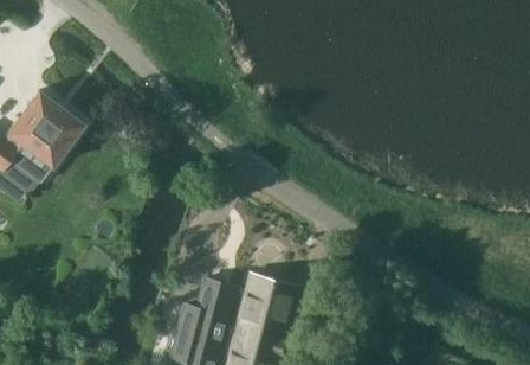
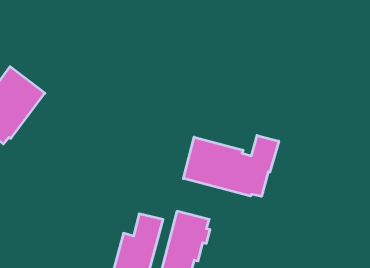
building: none -> [183,135,279,196]

